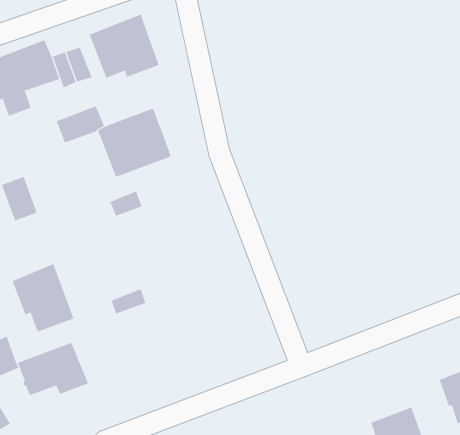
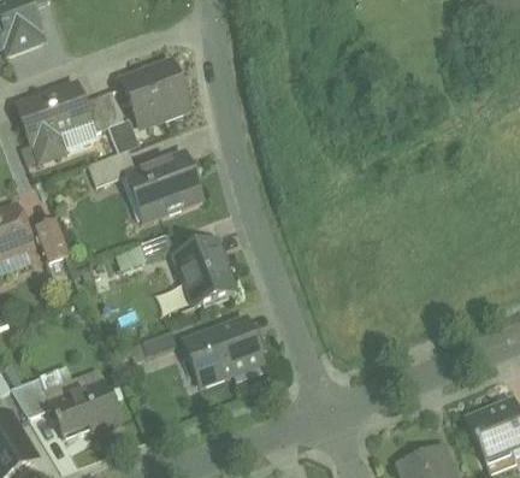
building: none -> [172,236,234,305]
building: [12,263,74,333] -> none
building: none -> [182,315,261,384]

